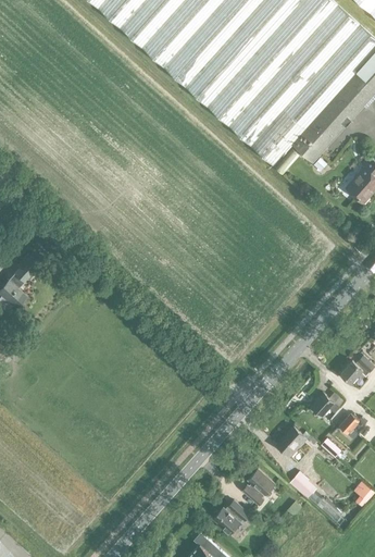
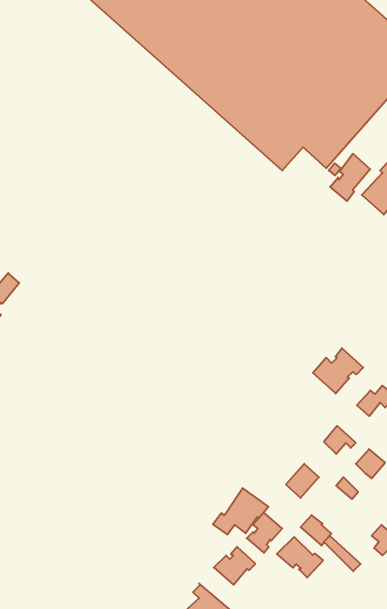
building: none -> [330,154,370,201]
building: none -> [313,348,363,394]
building: none -> [213,488,268,535]
building: none -> [277,537,323,578]

